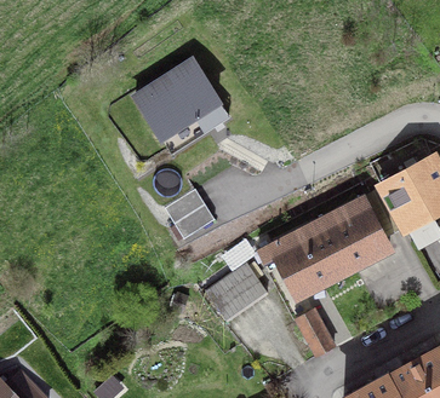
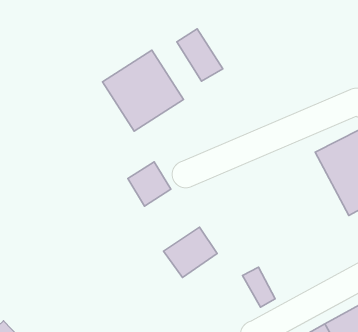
building: none -> [177,29,223,81]
building: [258,197,389,298] -> none

